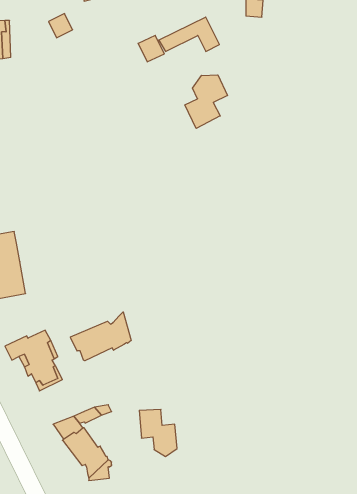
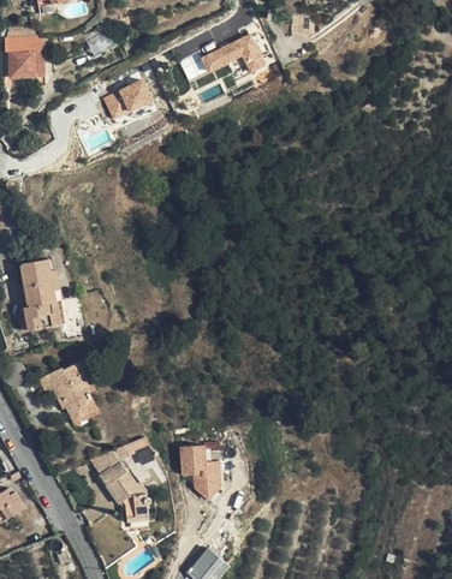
building: none -> [103,79,153,119]
building: [185,75,227,128] -> none
building: [70,312,131,361] -> none

